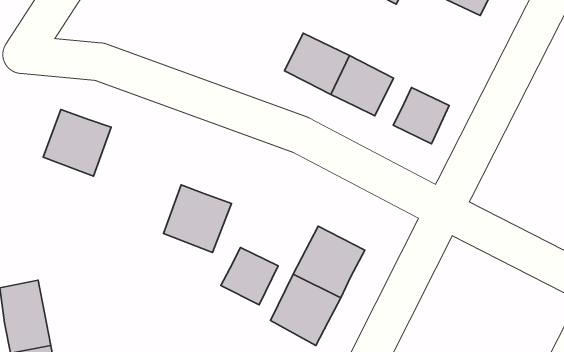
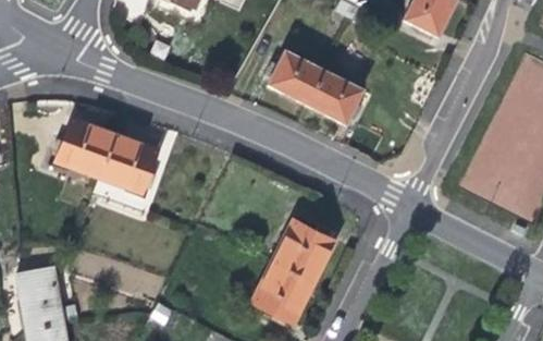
building: [393,88,449,144] -> none
building: [164,185,231,252] -> [101,133,160,192]
building: [221,247,278,305] -> none

